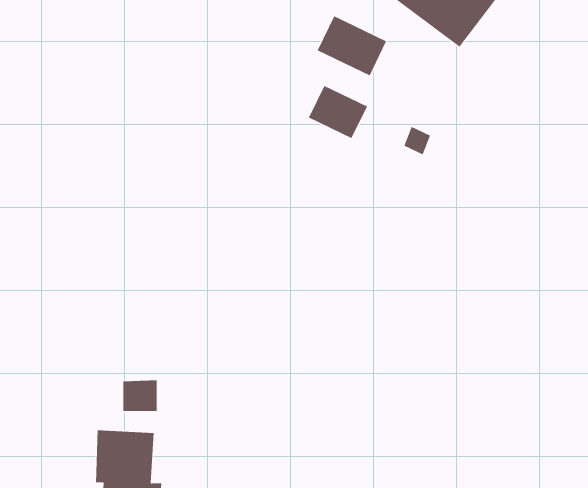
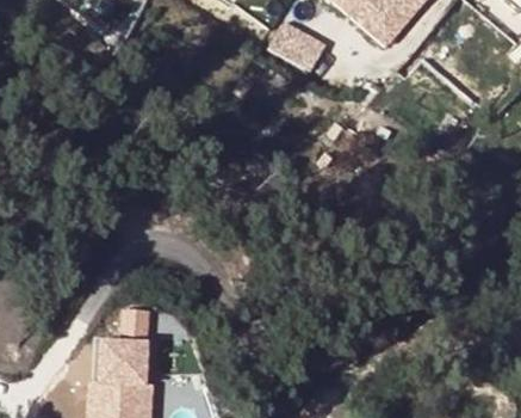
building: [308,85,368,139] -> none

